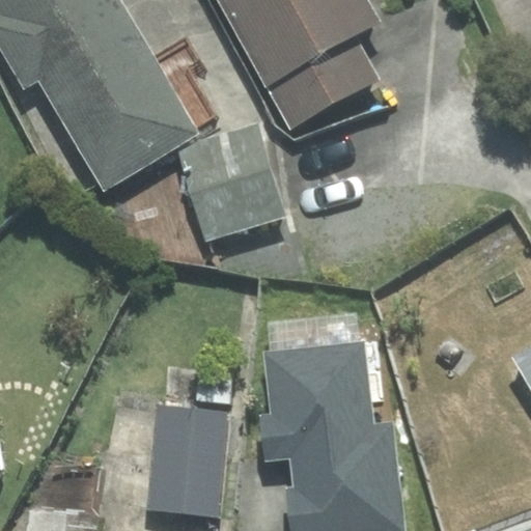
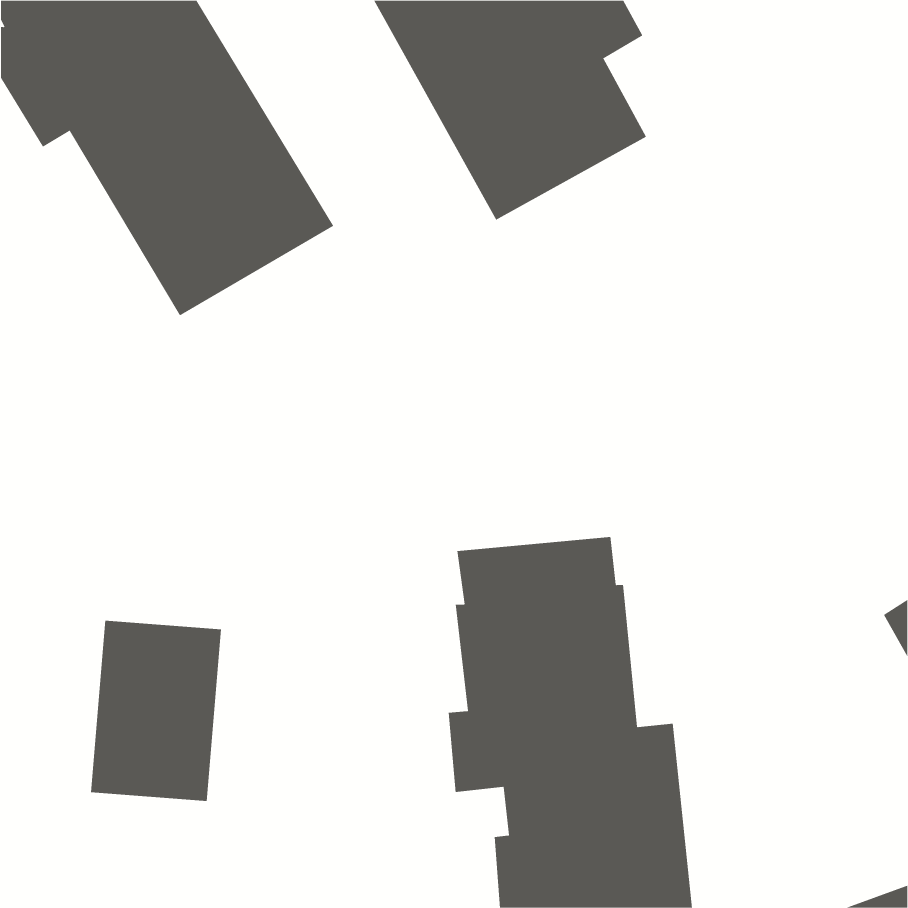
building: [180,128,286,242] -> none
building: [149,408,226,513] -> [90,620,222,802]

